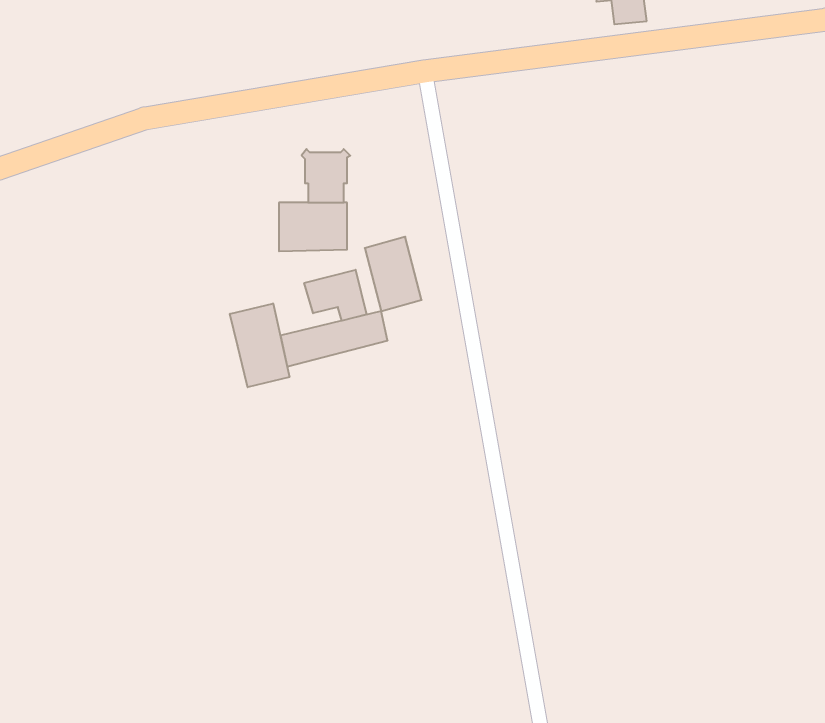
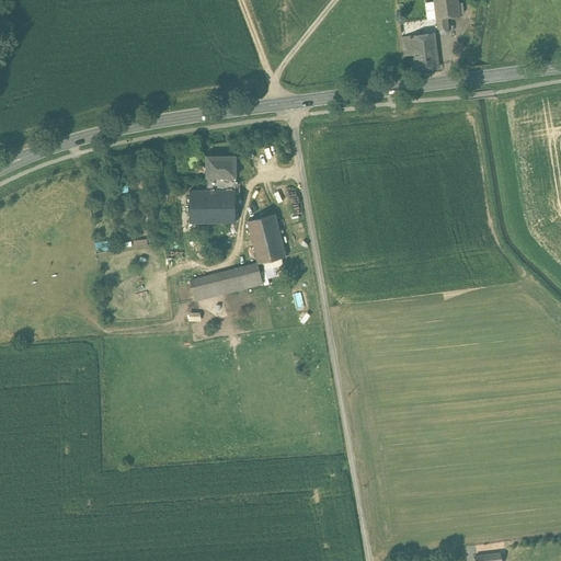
building: [304,270,367,321] -> none
building: [230,303,289,387] -> none

